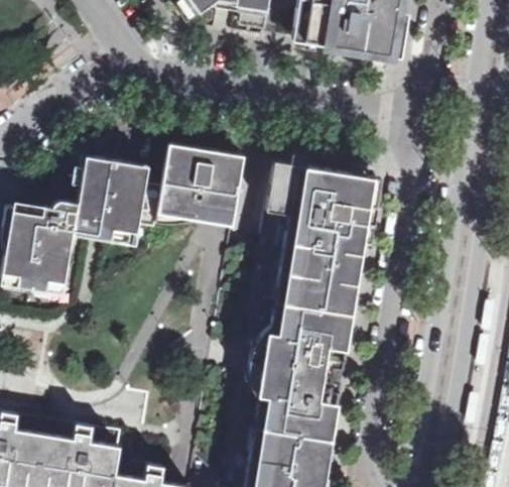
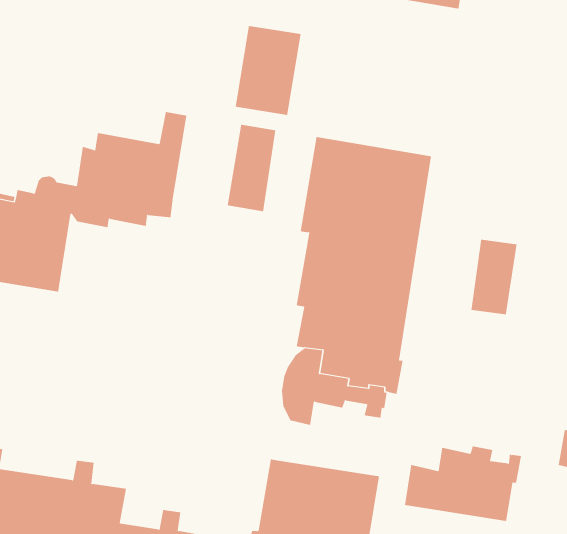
building: [164,143,219,217] -> [235,25,301,116]
building: none -> [471,239,517,315]
building: [249,376,345,438] -> [404,446,522,521]

